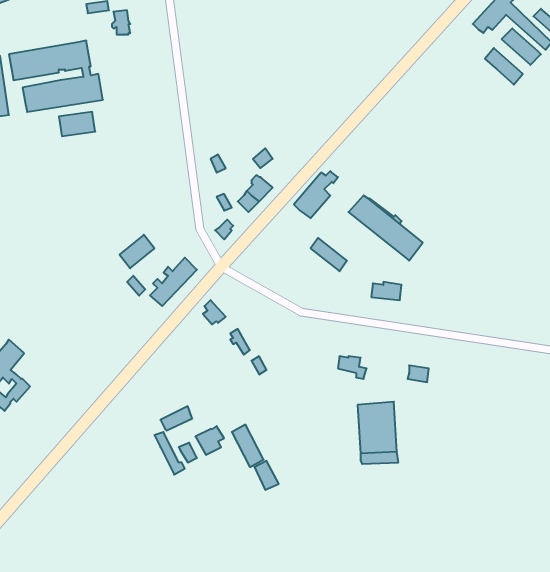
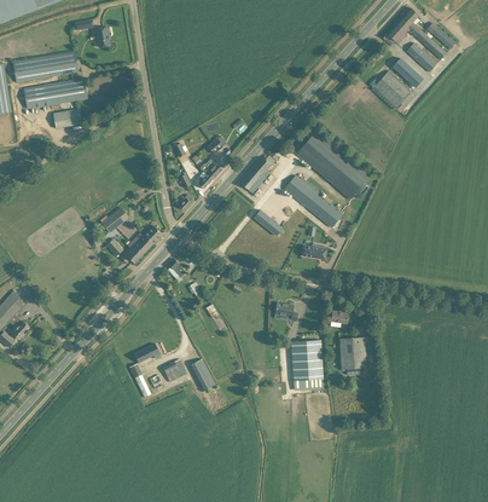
building: none -> [372,69,411,106]
building: none -> [296,131,370,198]
building: none -> [338,336,365,374]

